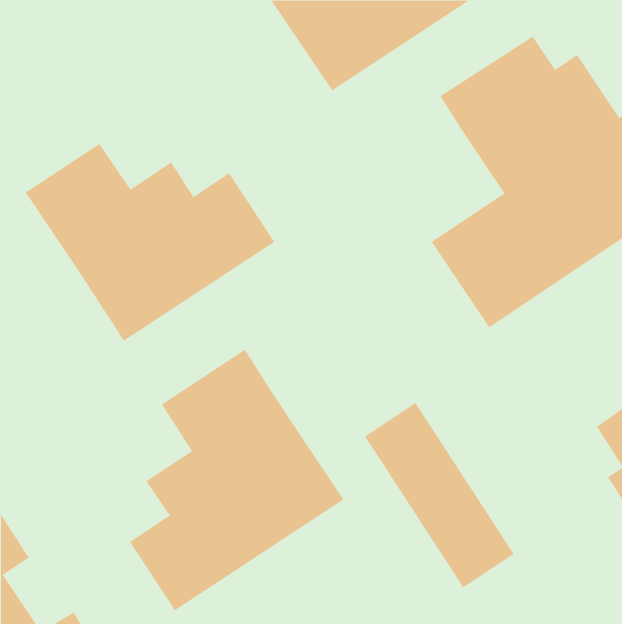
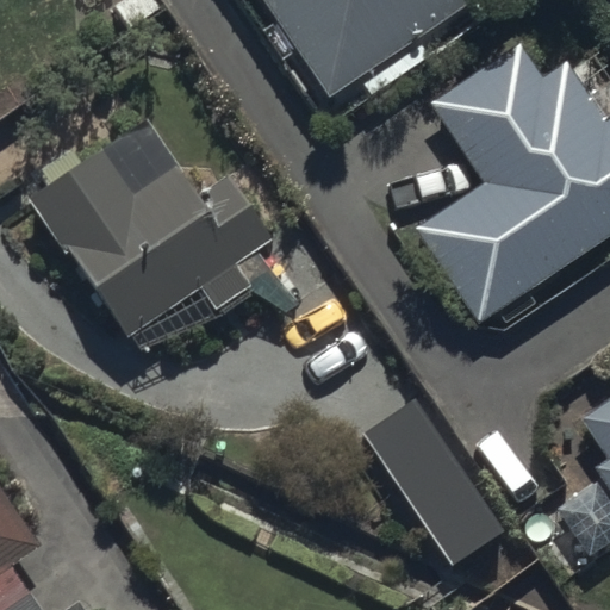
building: [129,349,344,611] -> none

